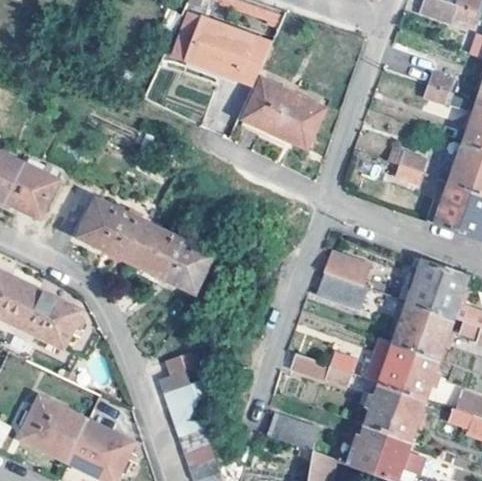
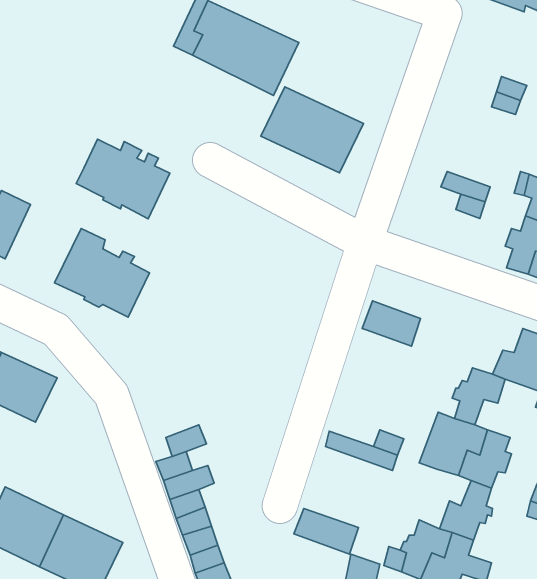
building: [136,228,210,291] -> [76,139,170,219]
building: [400,263,448,308] -> none
building: [317,273,367,309] -> none
building: [410,312,453,358] -> none
building: [365,383,407,430] -> none

